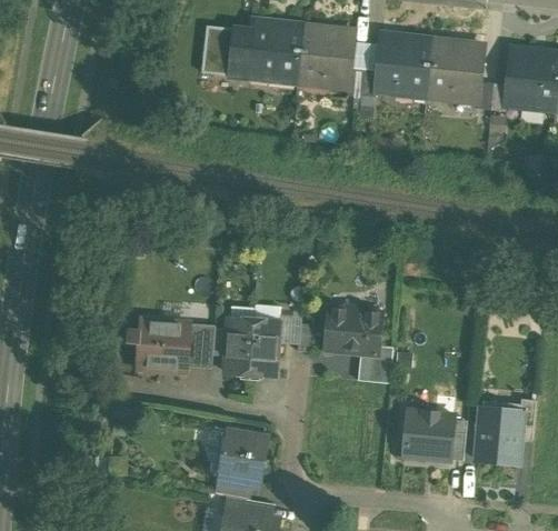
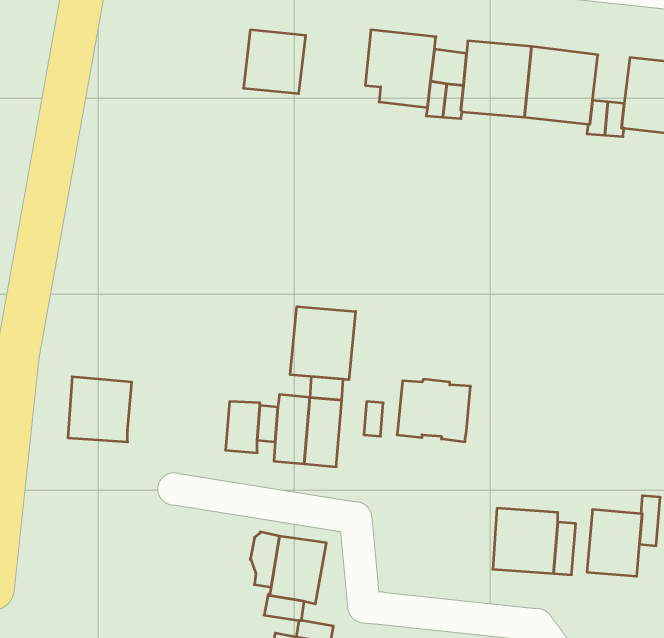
building: [243,20,301,82] -> none
building: none -> [290,307,356,380]
building: [137,319,188,371] -> [68,377,132,442]
building: [357,347,391,383] -> none

